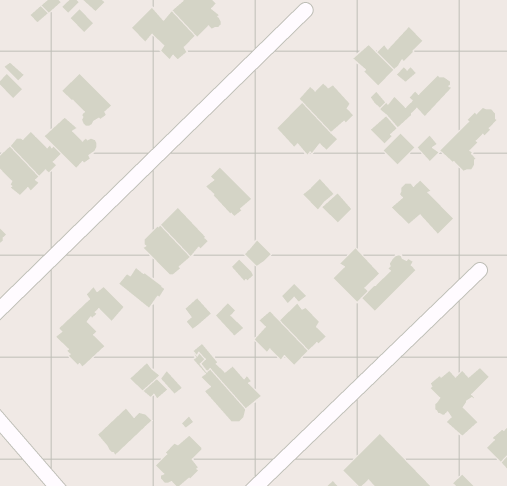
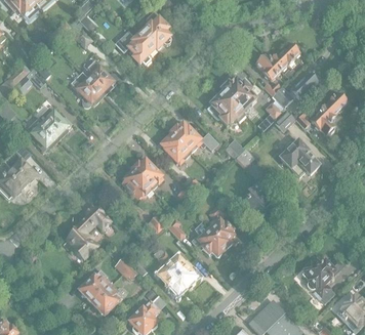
building: [44,117,97,168] -> [81,59,115,92]
building: none -> [170,122,218,152]
building: [362,255,416,311] -> none
building: [118,267,165,309] -> none
building: none -> [80,269,111,301]

